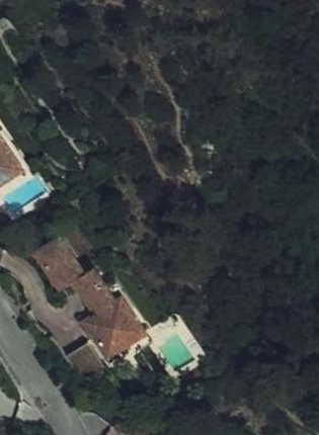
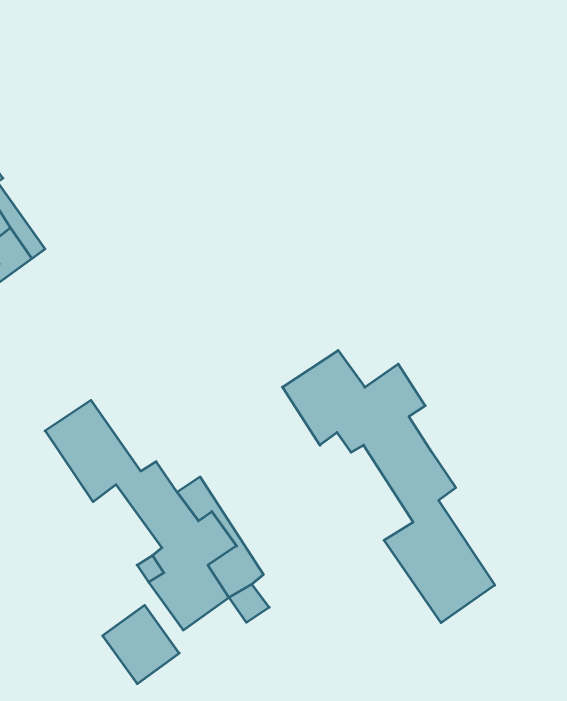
building: none -> [282,350,495,623]

